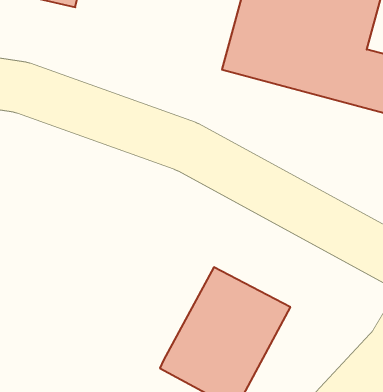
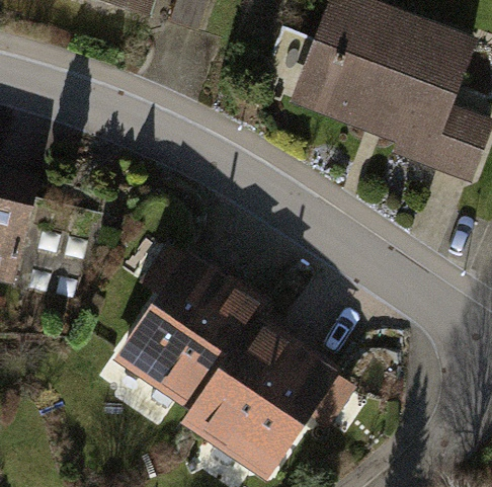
building: none -> [113,252,267,413]

